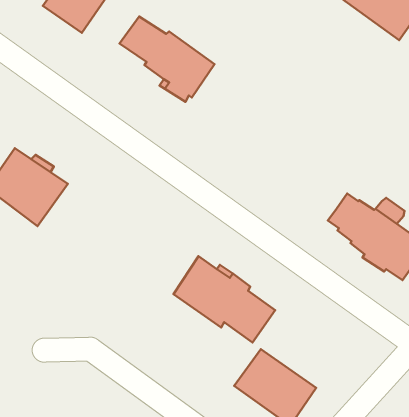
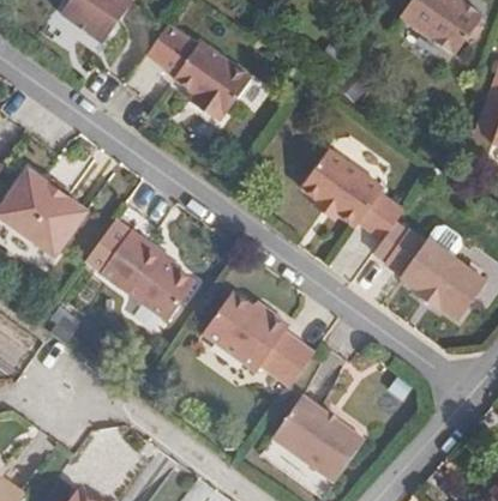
building: none -> [287,138,406,239]
building: none -> [100,229,194,319]

